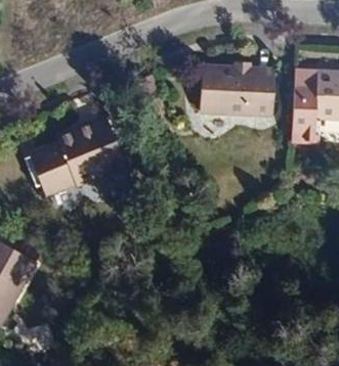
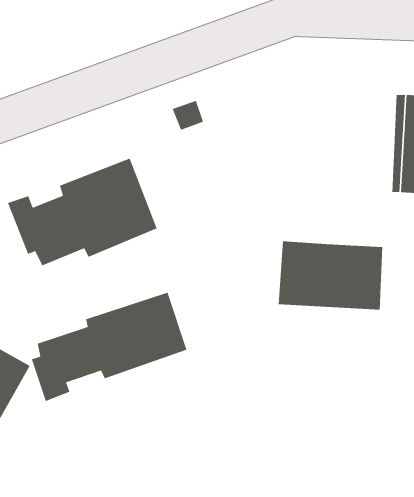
building: [200,67,274,117] -> [278,241,383,310]
building: none -> [31,292,187,402]

